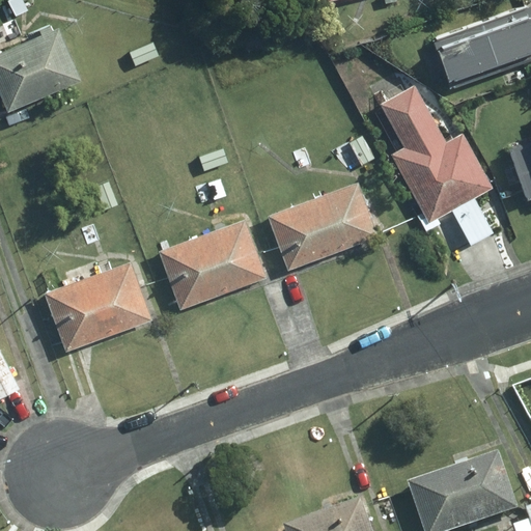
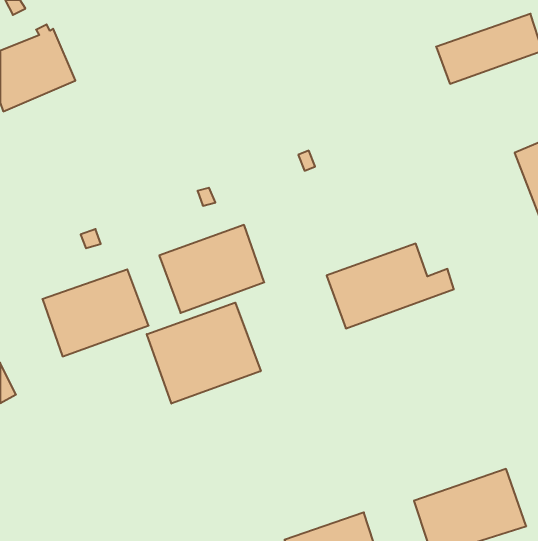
building: [382,88,496,226] -> none
building: [270,185,394,268] -> [327,244,454,328]
building: none -> [147,303,261,404]

